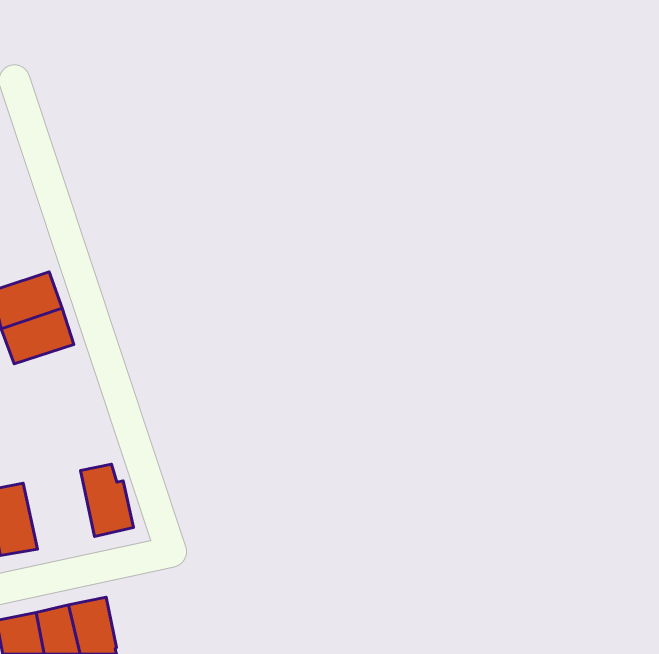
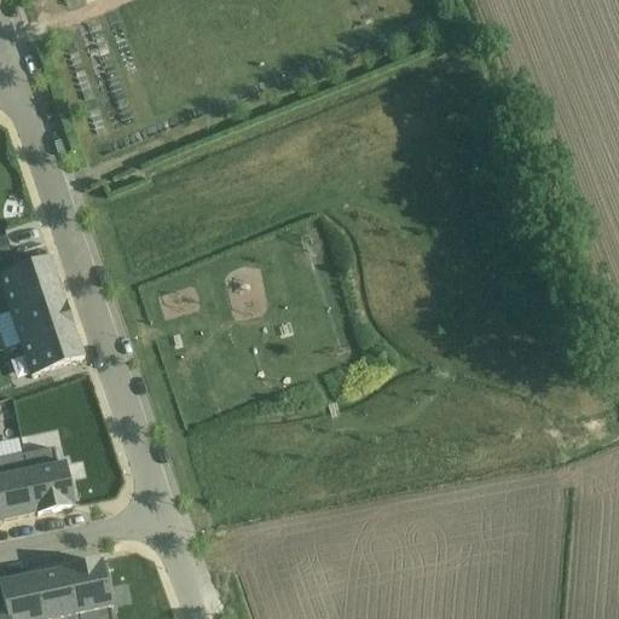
building: none -> [13,322,80,374]
building: [80,464,134,537] -> [22,445,71,513]

